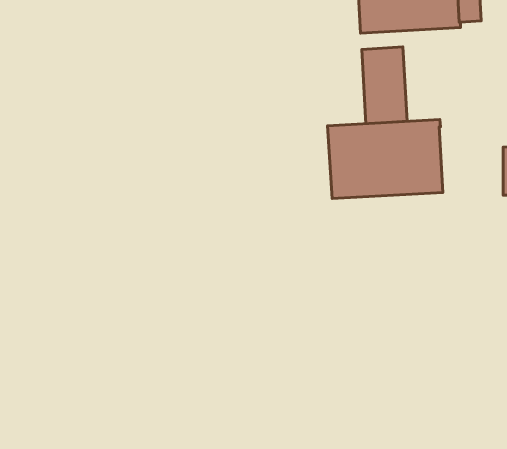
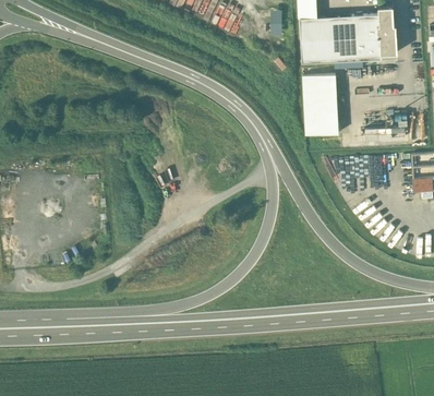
building: [328,120,443,198] -> none

